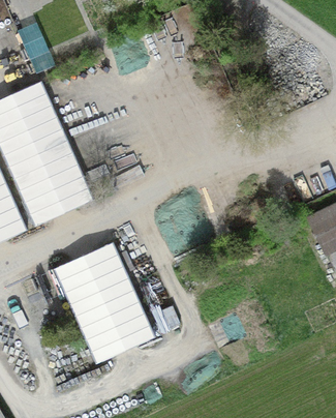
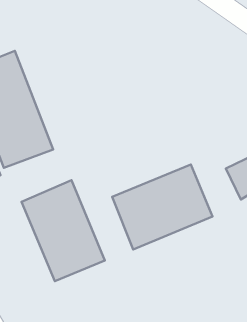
building: none -> [112,164,212,249]

